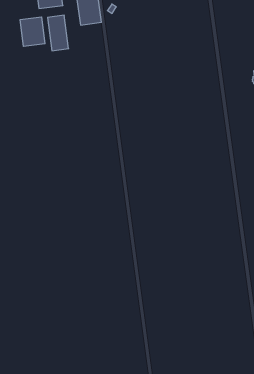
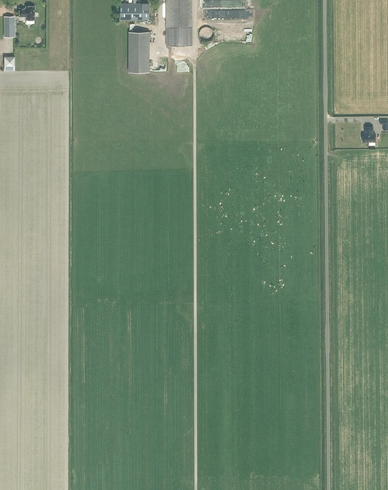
building: [20,17,45,46] -> none

